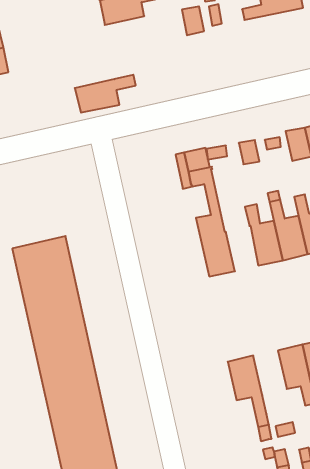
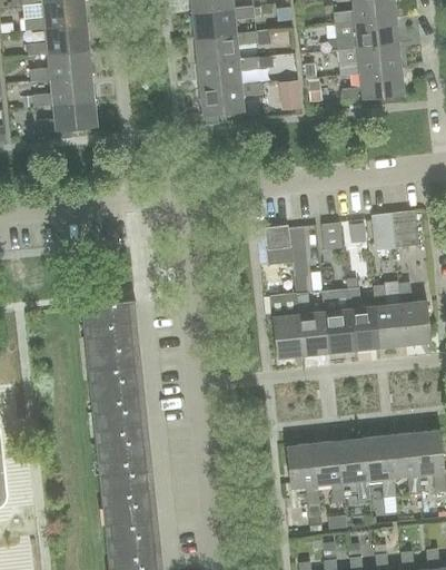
building: [75,75,136,113] -> [200,82,262,115]
building: none -> [291,245,328,355]
building: none -> [313,441,345,503]

